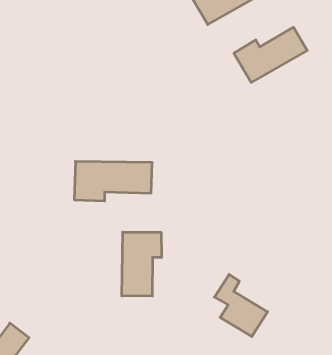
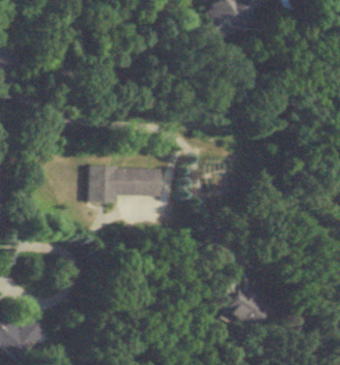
building: [234,27,307,82] -> none
building: [122,232,161,296] -> none

